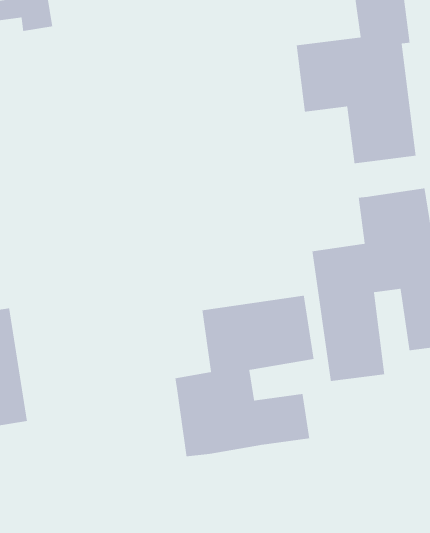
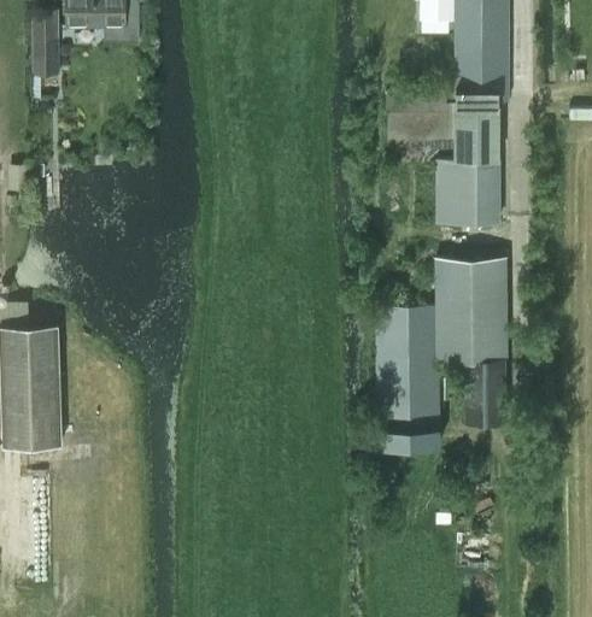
building: [175,295,314,457] -> none

